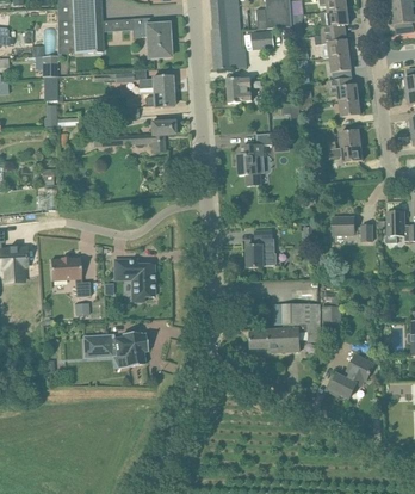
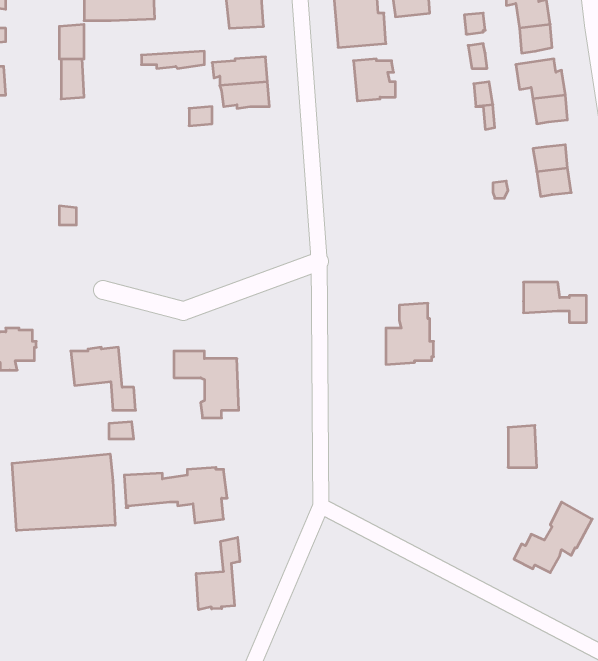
building: [135,118,175,150] -> none
building: [237,132,272,185] -> none
building: [250,303,320,351] -> none
building: none -> [12,454,115,531]
building: none -> [196,537,240,610]

